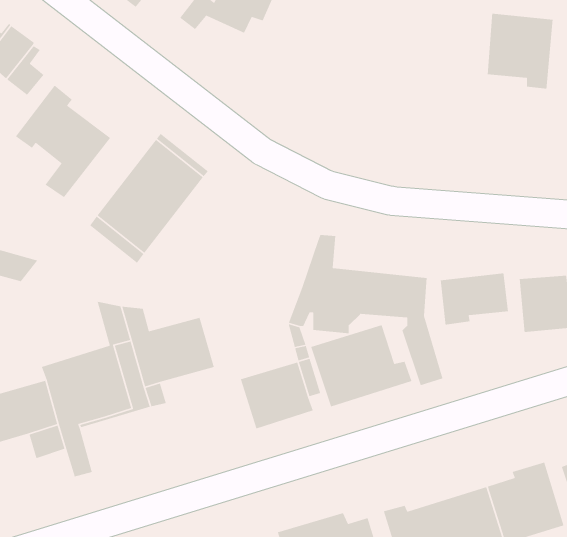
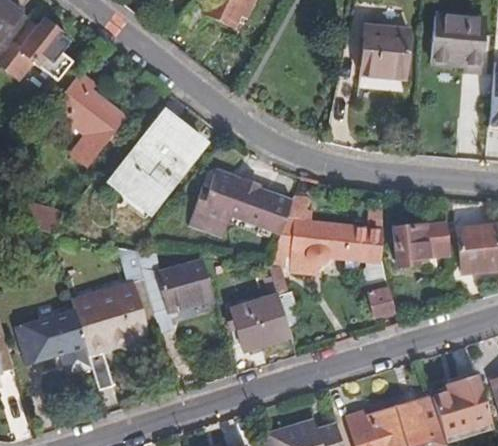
building: none -> [363,26,408,77]
building: none -> [188,169,294,237]
building: [310,324,413,408] -> none

